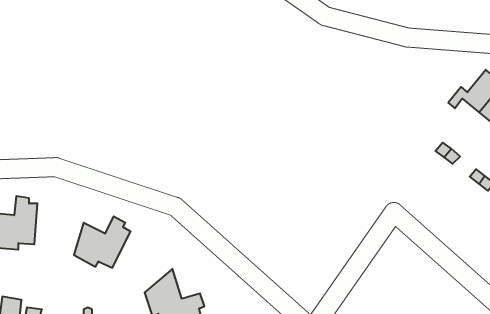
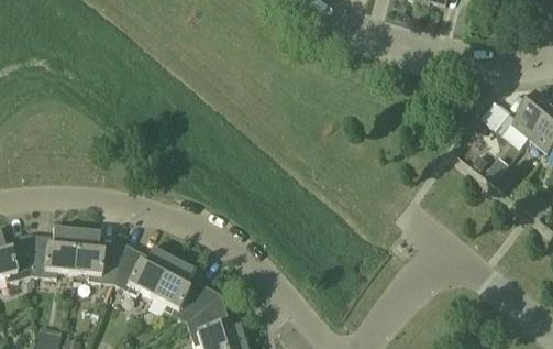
building: none -> [71,225,122,282]
building: none -> [152,258,213,320]

